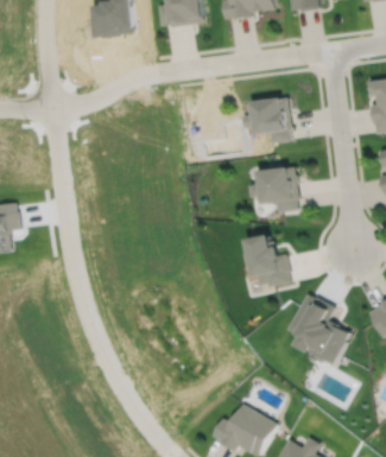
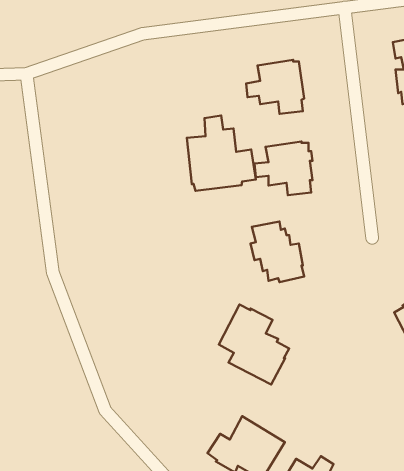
building: none -> [187,115,256,191]
building: [290,296,350,364] -> [219,304,289,385]

